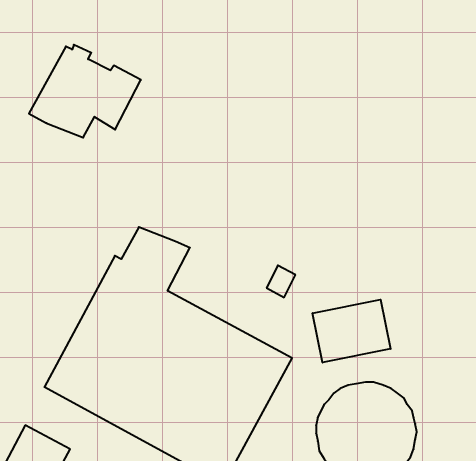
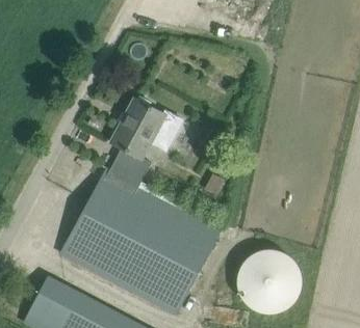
building: [29,45,141,138] -> [110,98,183,158]
building: [313,300,391,363] -> none

